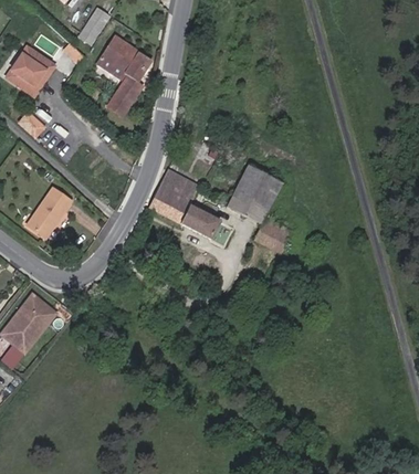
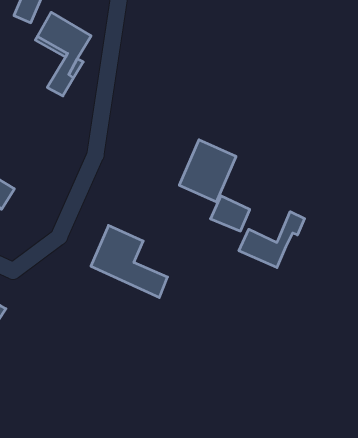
building: [148,169,220,240] -> [91,225,168,298]
building: none -> [239,212,305,268]

